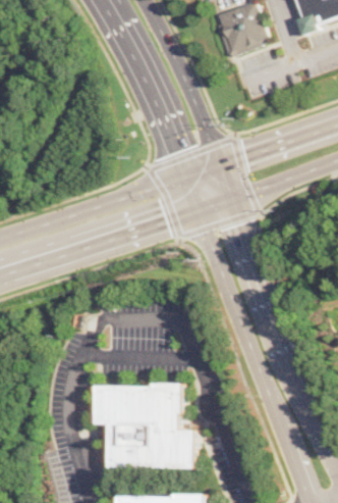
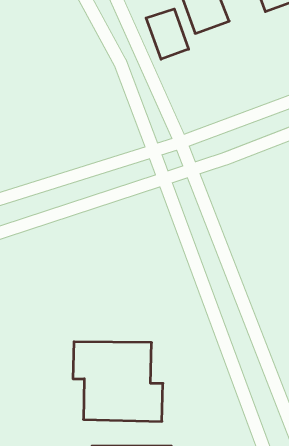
building: none -> [146,9,189,59]

